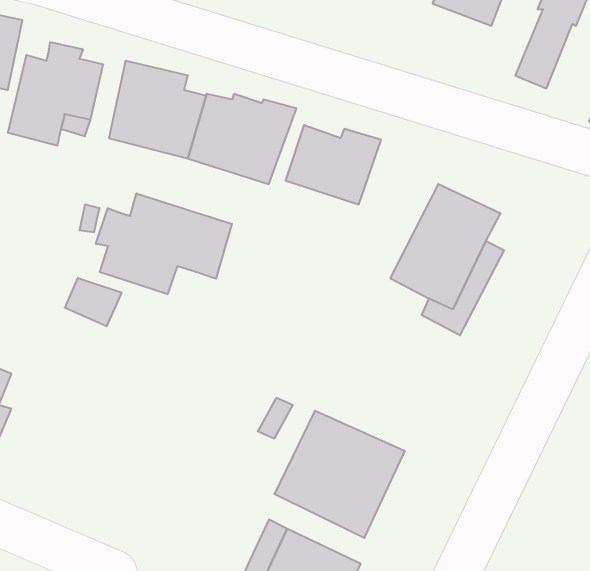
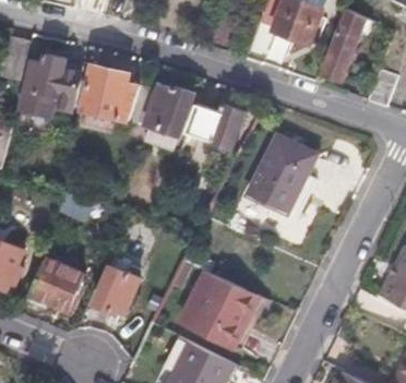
building: [96,193,232,294] -> none
building: none -> [29,255,82,315]
building: none -> [94,267,138,316]

